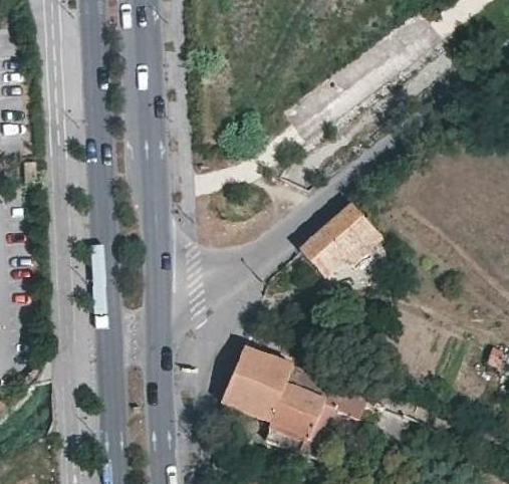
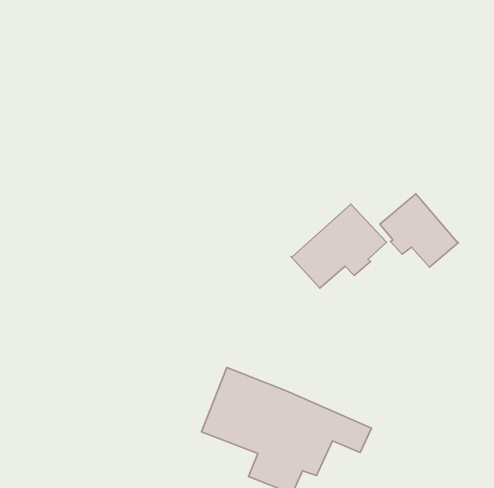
building: none -> [380,194,459,267]

